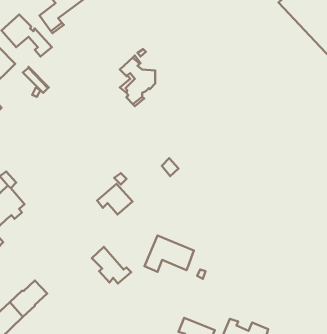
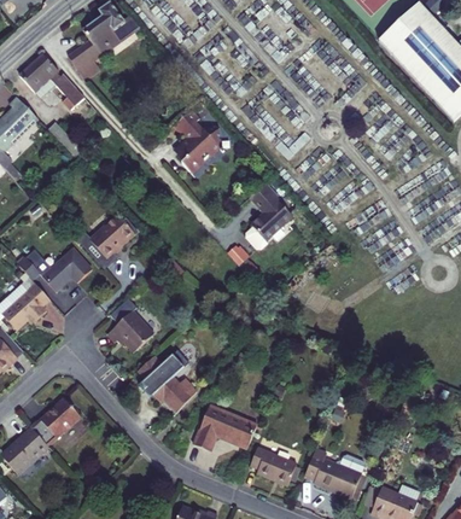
building: none -> [246,185,292,250]
building: none -> [89,215,134,260]
building: none -> [43,249,92,290]
building: [97,184,133,215] -> [107,311,153,351]
building: [144,236,194,272] -> [193,404,257,451]

